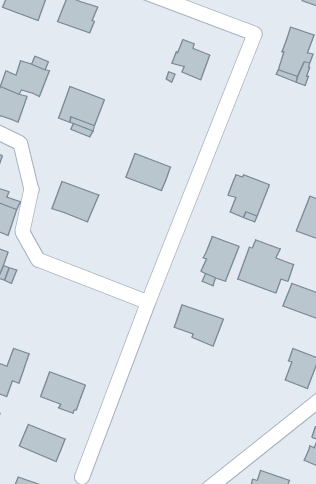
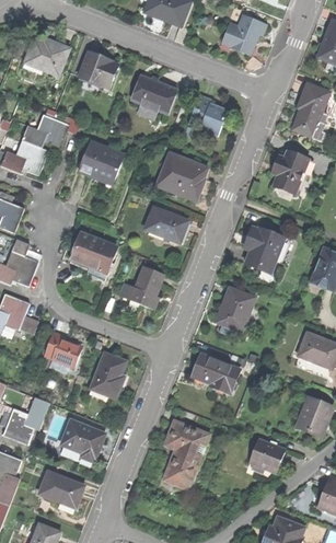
building: none -> [131,76,176,113]
building: none -> [271,150,306,193]
building: none -> [157,151,208,198]
building: none -> [127,266,163,308]
building: [238,240,294,293] -> none
building: none -> [45,331,82,365]
building: none -> [91,353,127,397]
building: none -> [163,420,209,485]
building: none -> [250,438,286,473]

